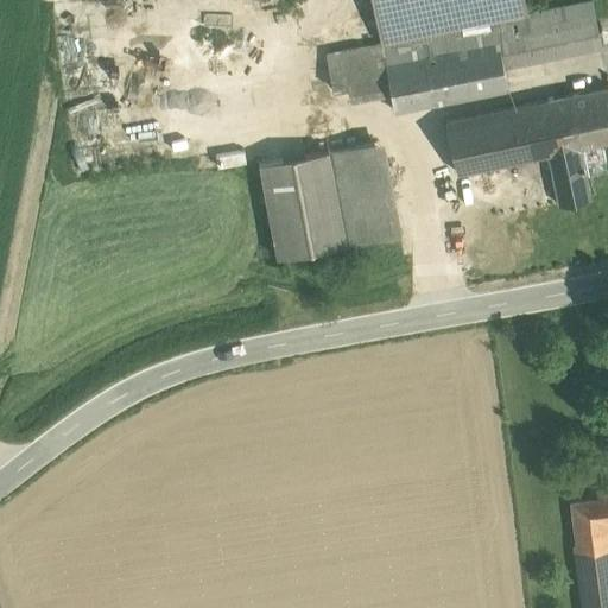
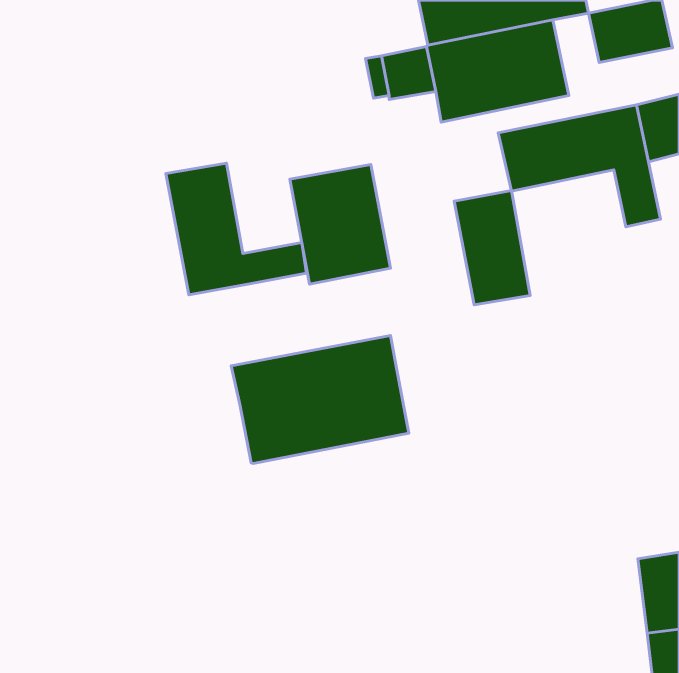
building: [494,17,536,68] -> none
building: [331,142,399,245] -> [454,191,530,305]
building: none -> [166,163,307,295]
building: none -> [231,335,409,464]

